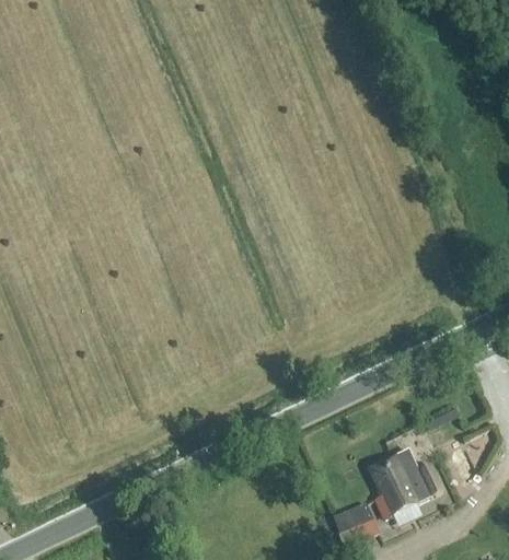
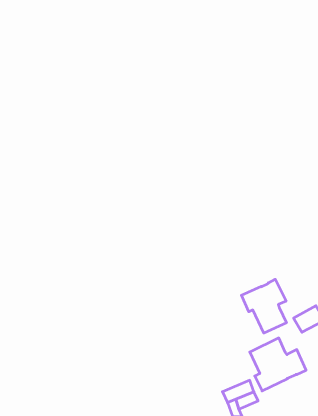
building: none -> [241,279,286,333]

